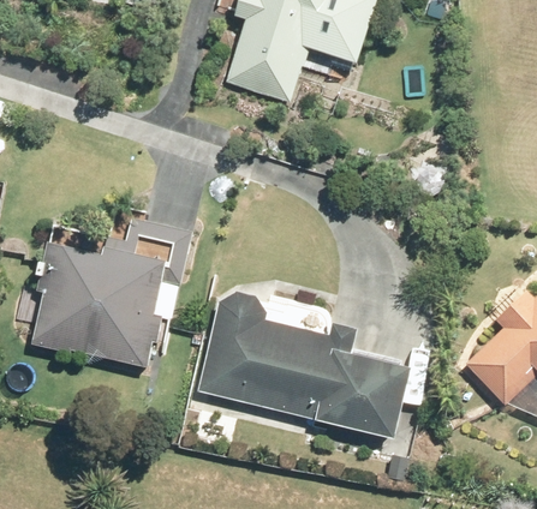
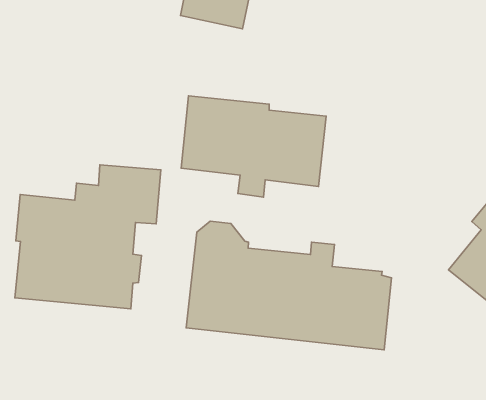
building: none -> [181,96,326,197]

